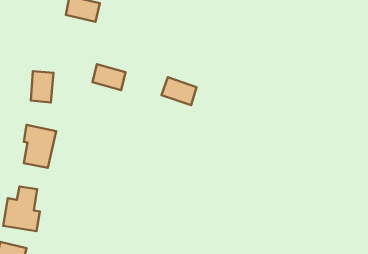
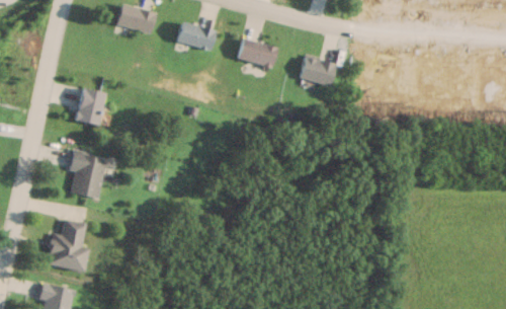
building: none -> [301,58,335,85]
building: [92,64,126,90] -> [179,21,217,51]
building: [162,77,196,105] -> [238,37,277,69]

